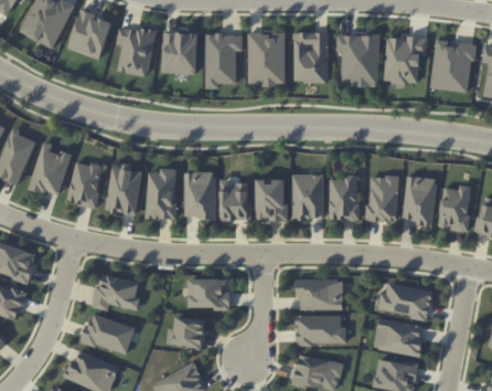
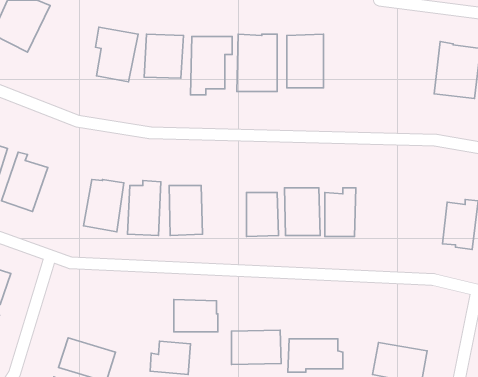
building: [67,10,113,60] -> none
building: [336,34,379,85] -> none
building: [384,36,427,84] -> none
building: [67,161,103,208] -> none
building: [367,176,398,222] -> none
building: [402,176,437,224] -> none
building: [220,179,249,220] -> none
building: [92,274,139,310] -> none
building: [297,278,343,310] -> [231,330,281,365]
building: [377,284,432,318] -> none

